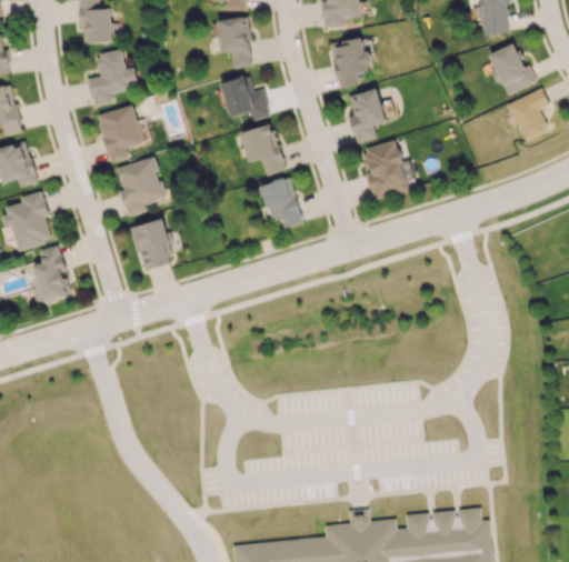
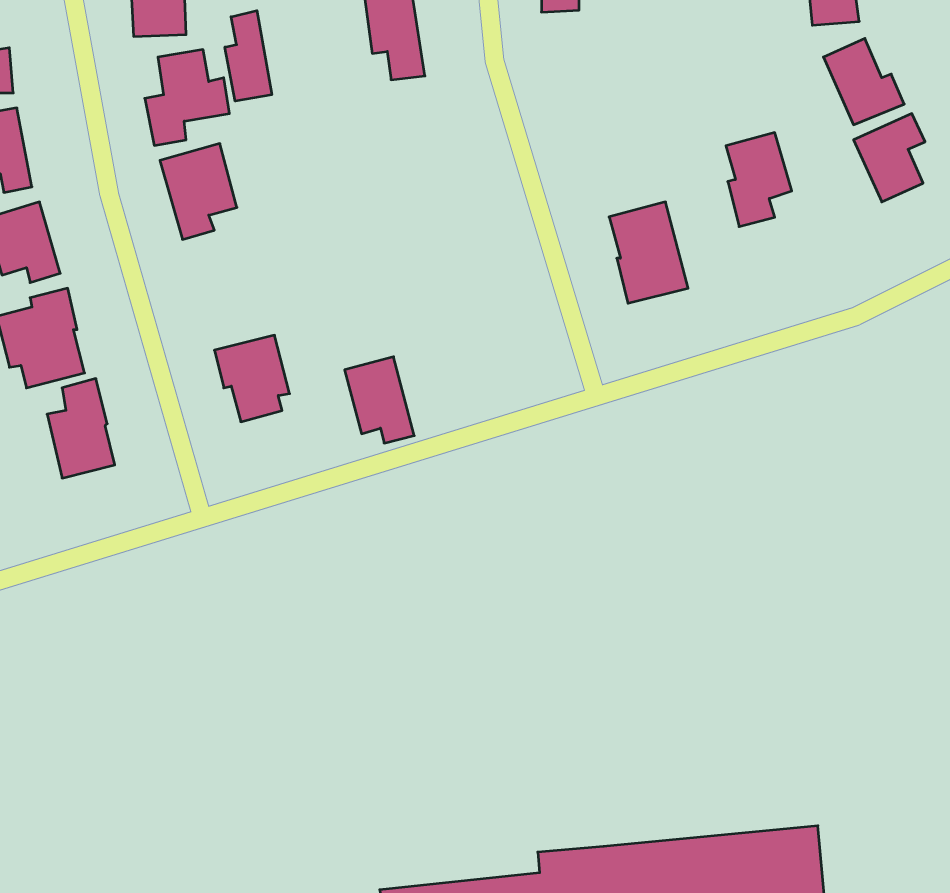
building: none -> [225,11,272,101]
building: [335,38,371,89] -> none
building: [221,76,270,120] -> none
building: [348,88,387,143] -> [726,133,792,227]
building: [240,123,286,175] -> none
building: [117,157,166,217] -> none
building: [261,177,302,228] -> [345,357,414,443]

